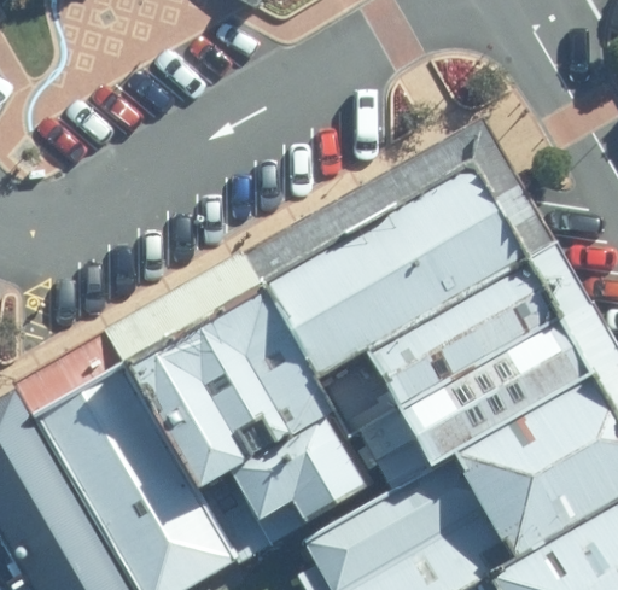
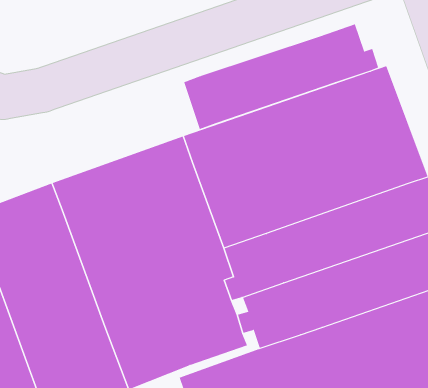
building: none -> [184,24,379,130]

